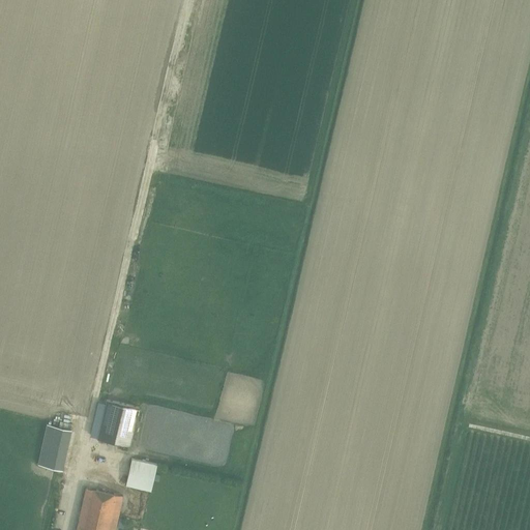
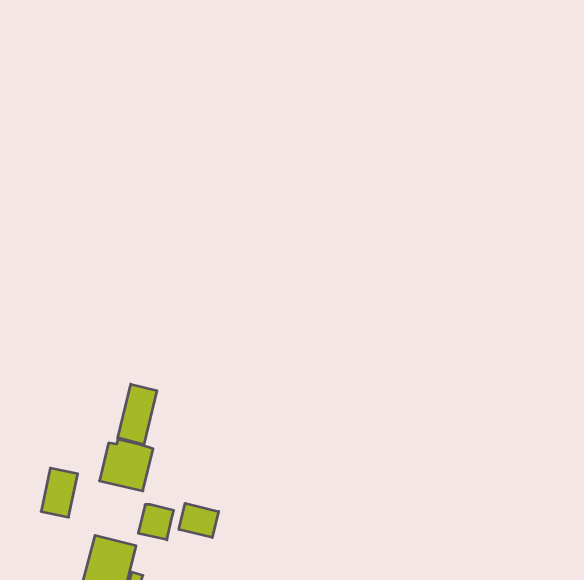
building: none -> [118,384,157,444]
building: none -> [179,503,219,538]

